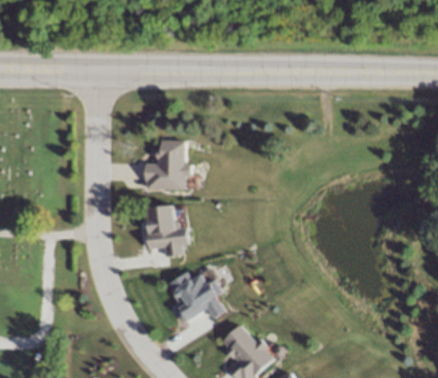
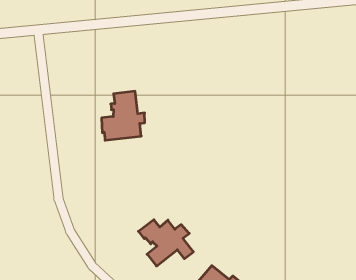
building: [145,206,186,256] -> none

